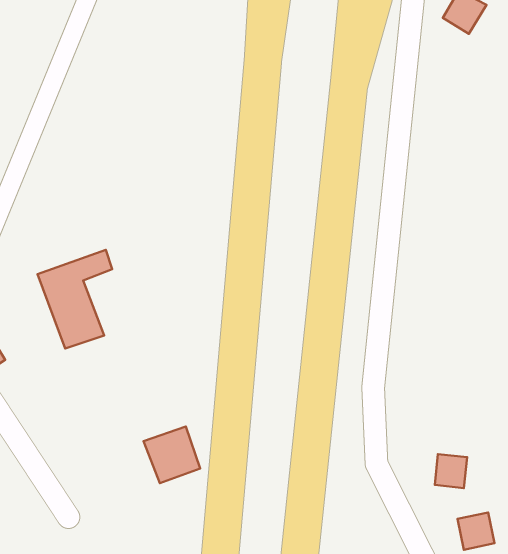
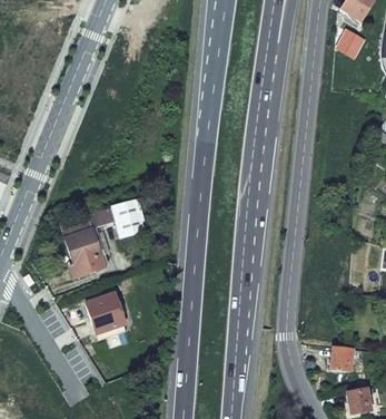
building: none -> [109,198,146,237]
building: [144,426,200,483] -> [87,293,126,332]

